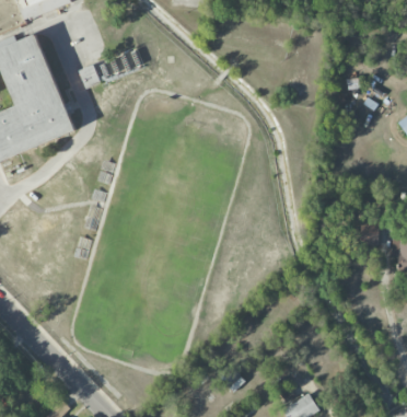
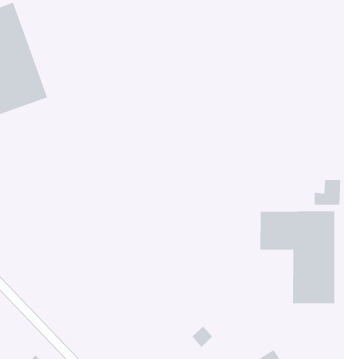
building: none -> [259,210,335,304]

